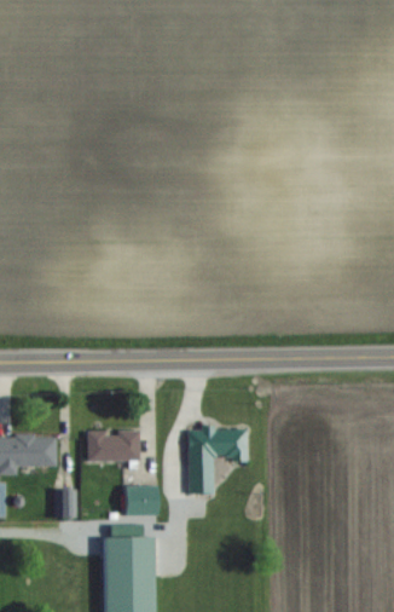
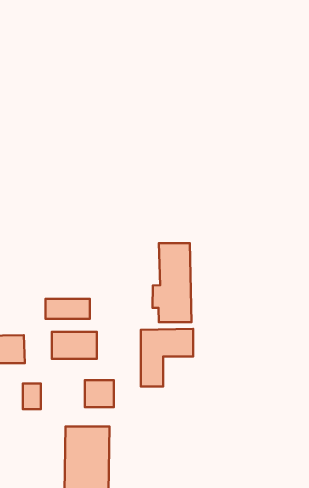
building: none -> [152,243,191,322]
building: none -> [46,299,90,319]

